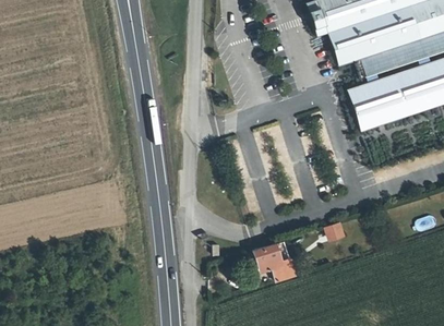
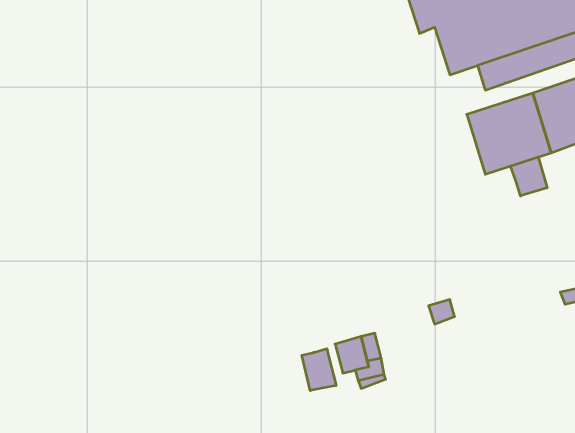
building: none -> [510,157,547,196]
building: none -> [302,349,336,391]

